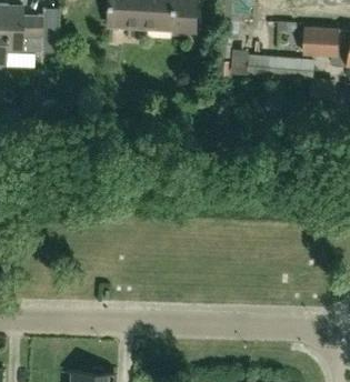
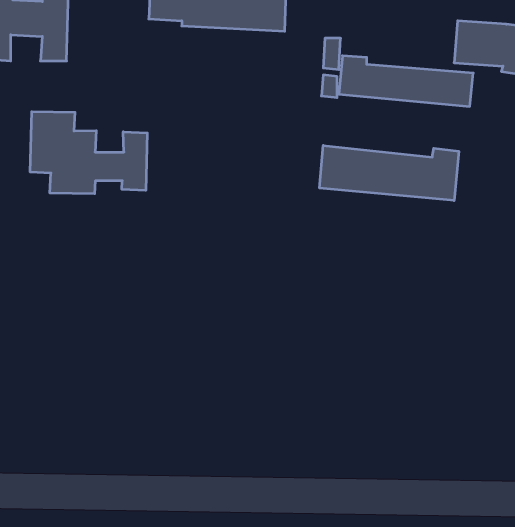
building: none -> [30,112,147,194]
building: none -> [320,145,459,201]

